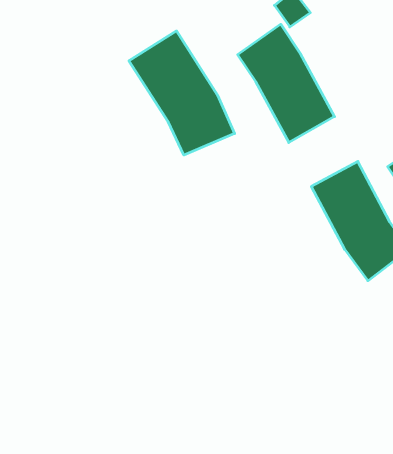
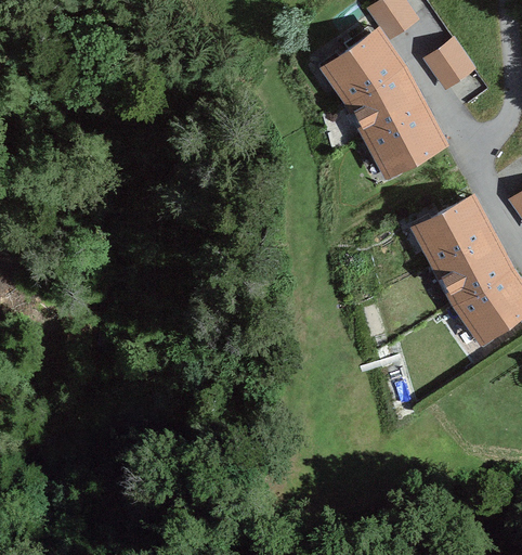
building: [129,31,235,155] -> none
building: none -> [425,39,474,90]

